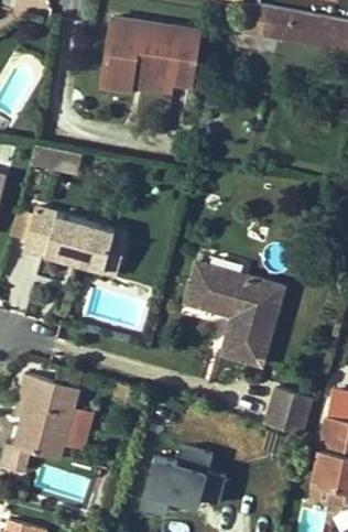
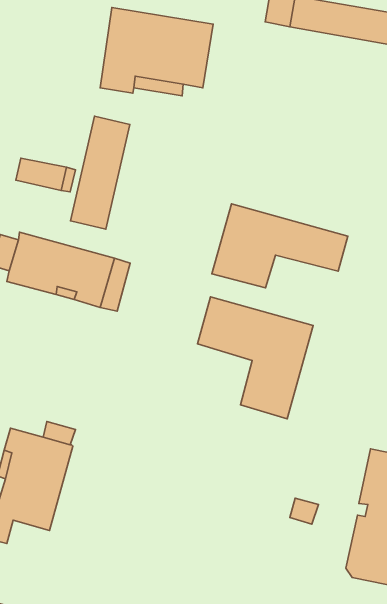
building: none -> [70,116,130,229]
building: none -> [212,204,348,288]
building: [265,388,314,435] -> none
building: [132,446,225,515] -> none

